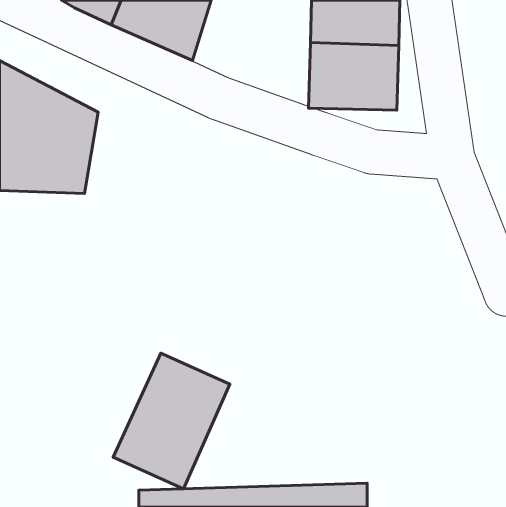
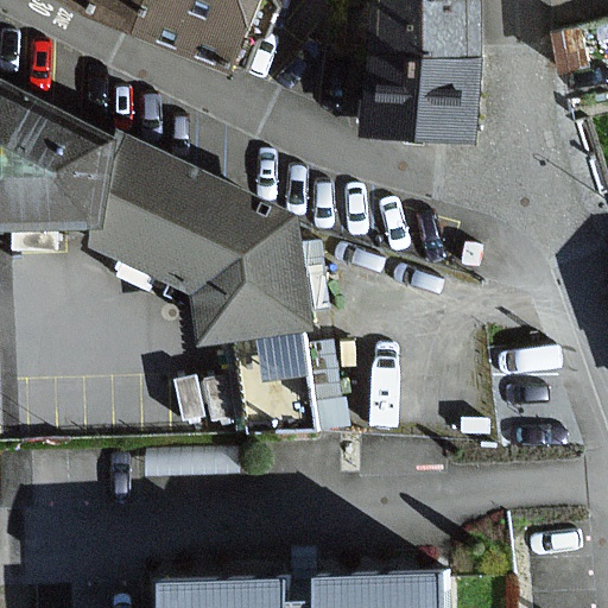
building: none -> [99,134,311,338]
building: [113,353,230,489] -> none

